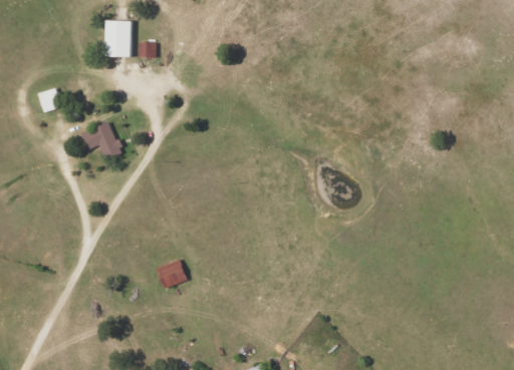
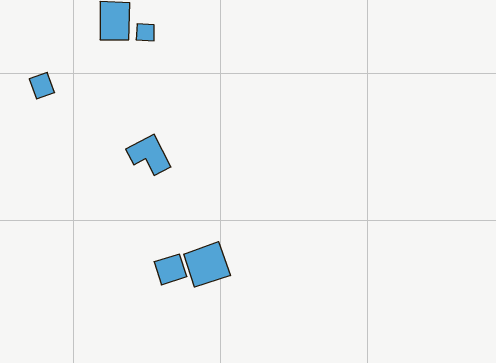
building: [80,120,123,159] -> [126,134,171,175]
building: none -> [184,242,230,287]

